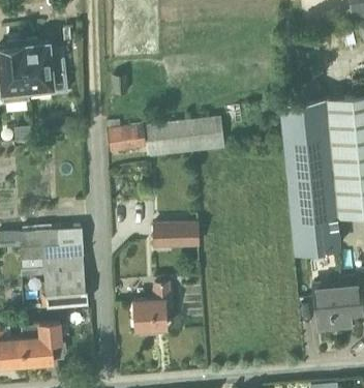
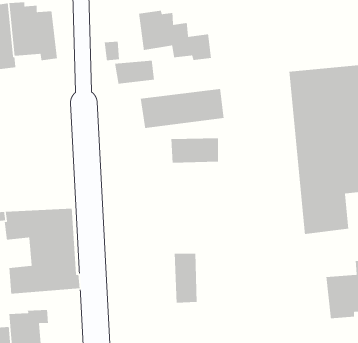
building: none -> [138,10,212,61]
building: [107,129,144,152] -> [114,60,155,85]
building: [153,223,198,247] -> [171,137,219,163]
building: [132,282,170,335] -> none

